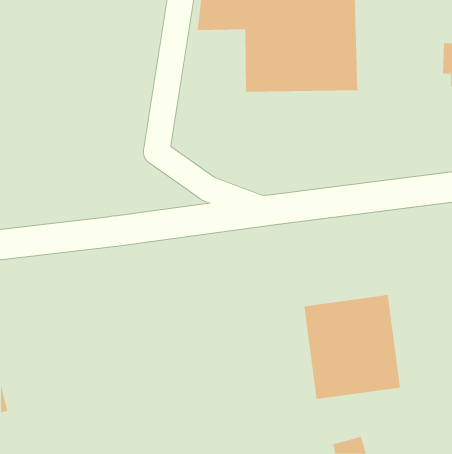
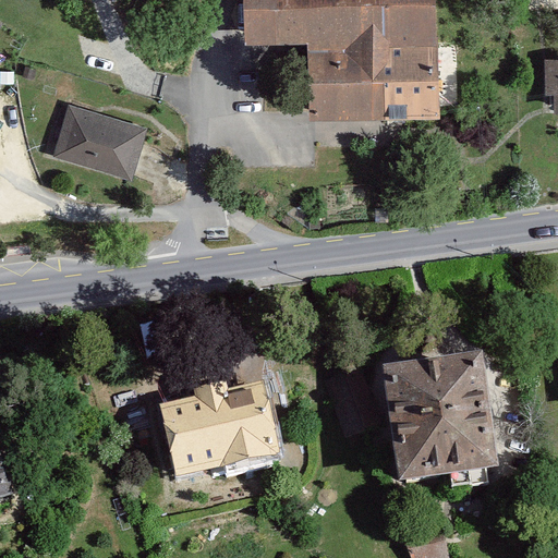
building: none -> [56,100,149,174]
building: none -> [158,385,279,480]

